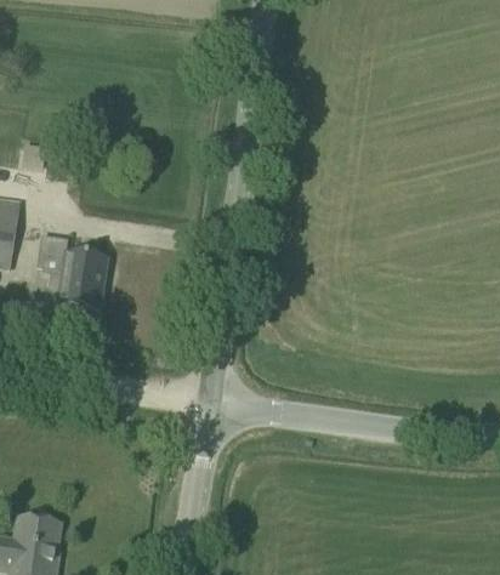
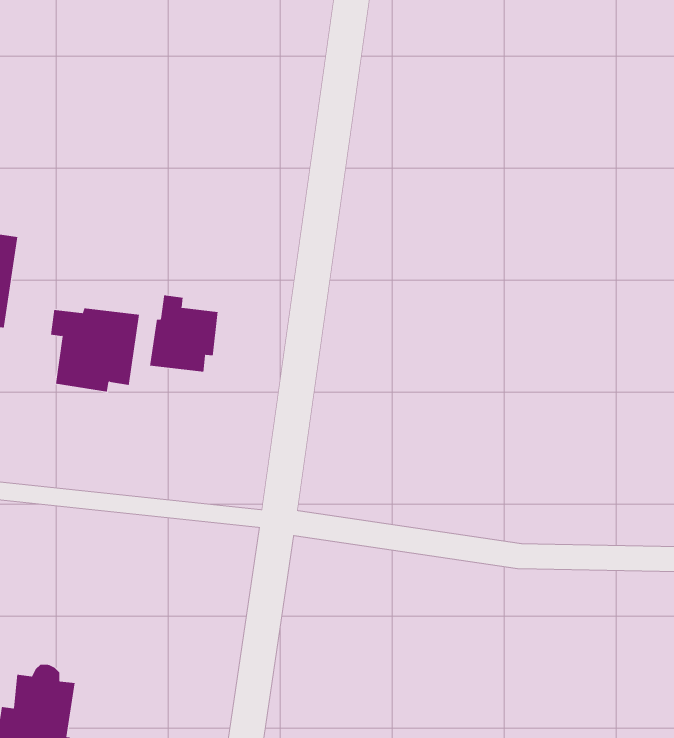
building: none -> [150,295,218,373]

